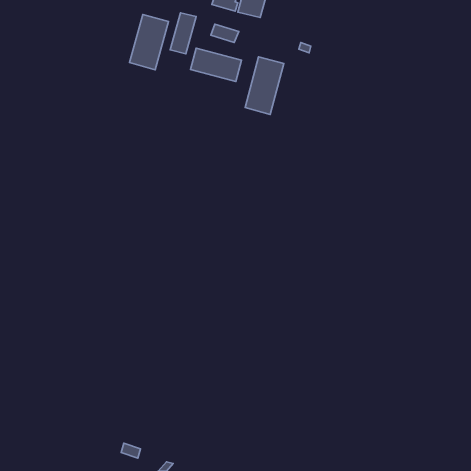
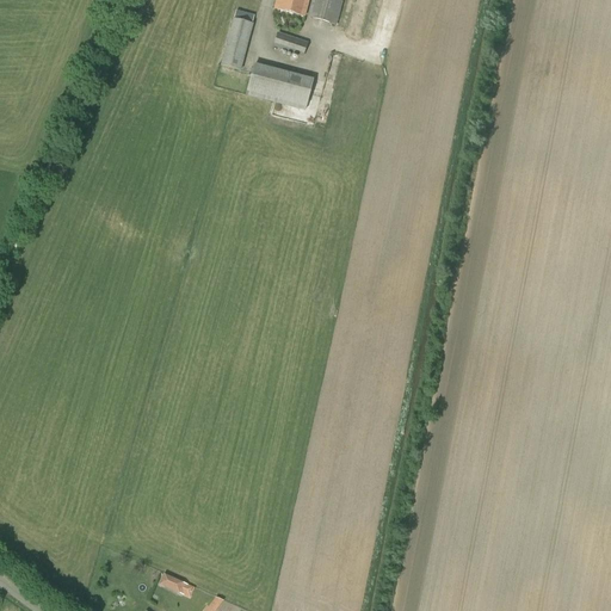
building: [130,14,168,70] -> none
building: [245,57,284,114] -> none

